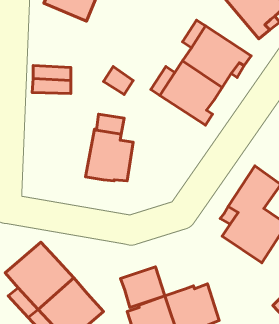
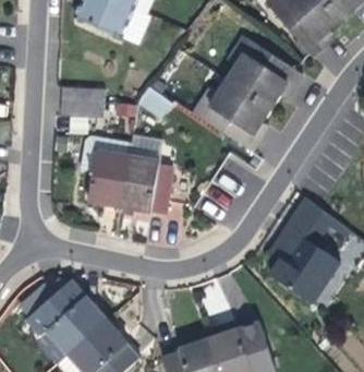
building: none -> [80,136,130,207]
building: [121,267,165,307] -> none

